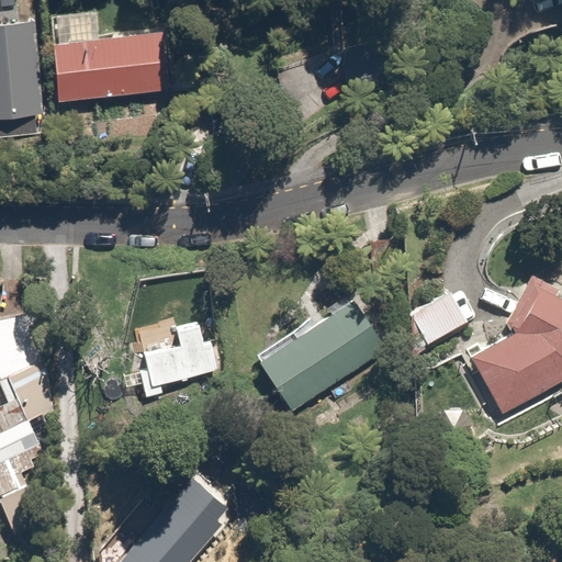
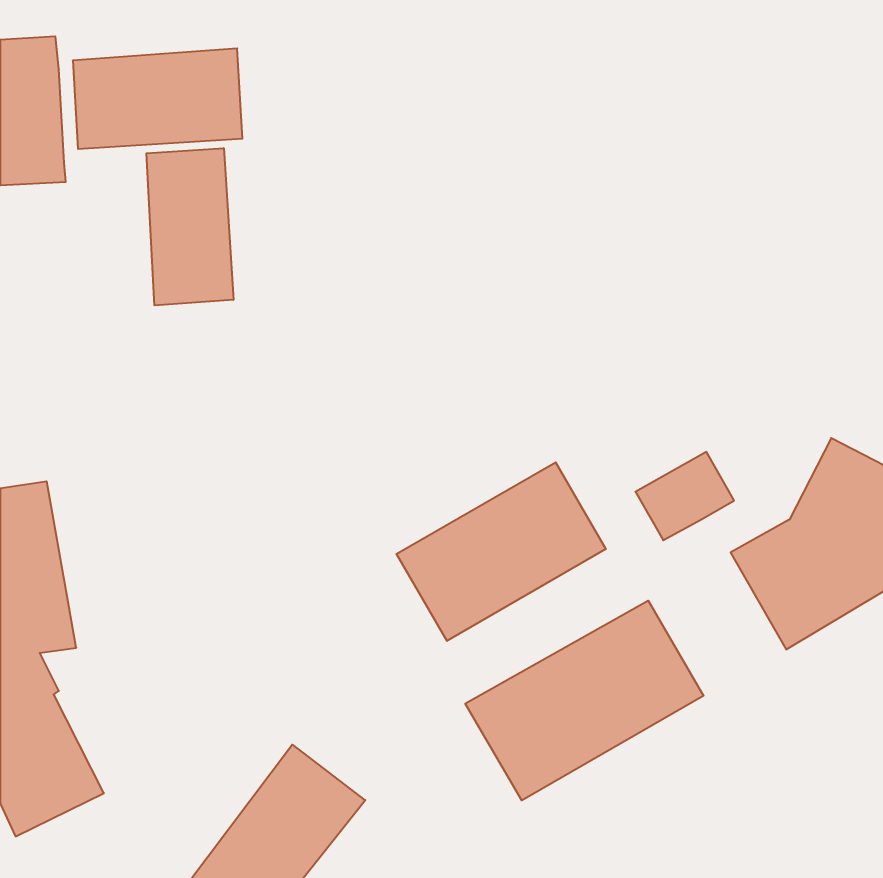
building: none -> [146,148,233,305]
building: [130,321,213,401] -> none
building: none -> [465,601,704,800]

